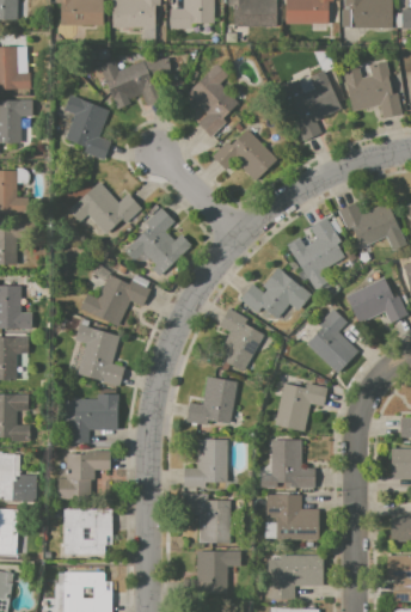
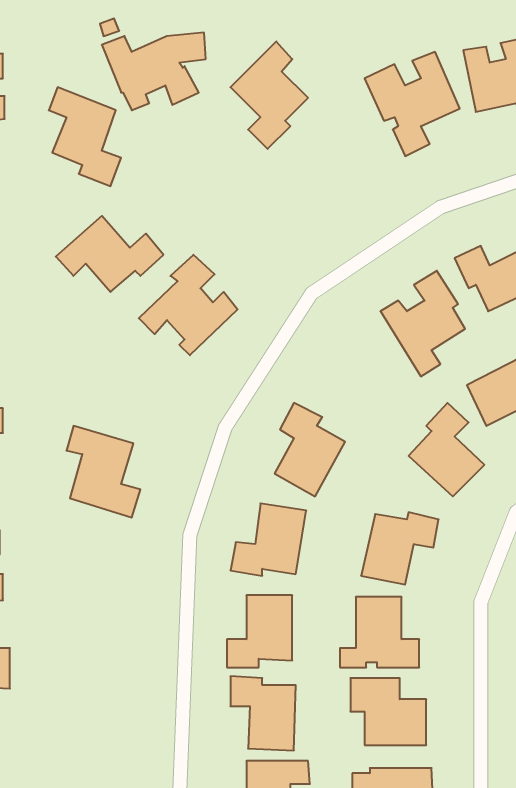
building: [211,129,277,182] -> none
building: [241,268,312,319] -> none
building: [80,274,151,326] -> none
building: [70,394,118,442] -> none
building: [59,451,111,500] -> none
building: [65,509,112,553] -> none

